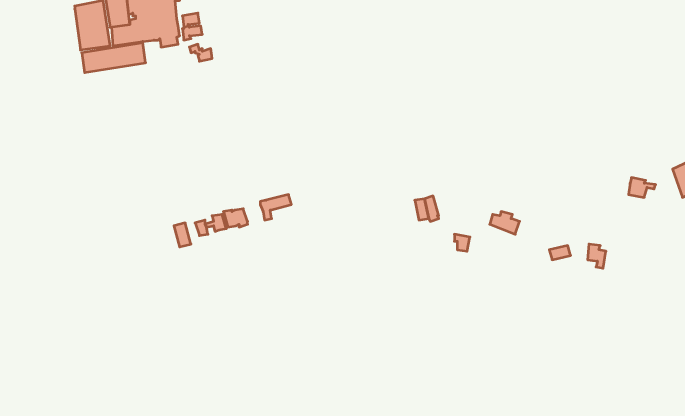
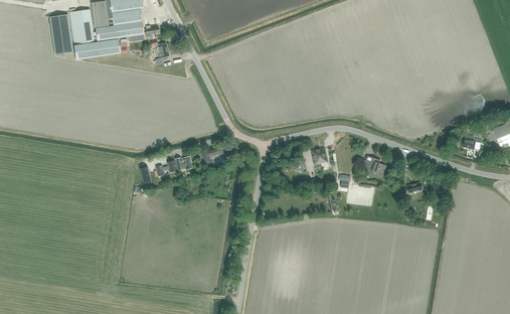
building: none -> [49,13,73,54]

